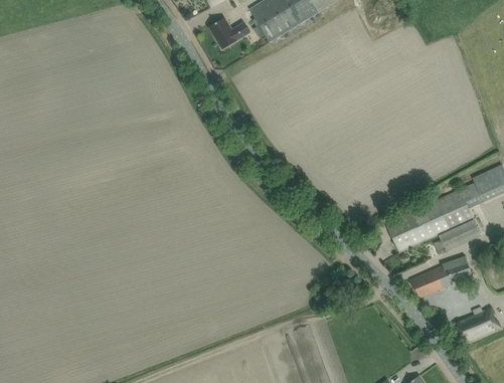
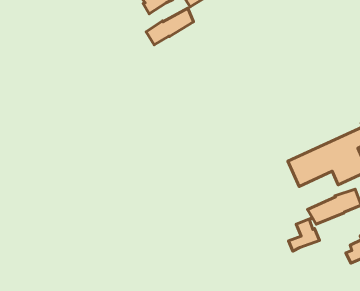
building: none -> [146,8,193,45]
building: none -> [289,218,320,251]

